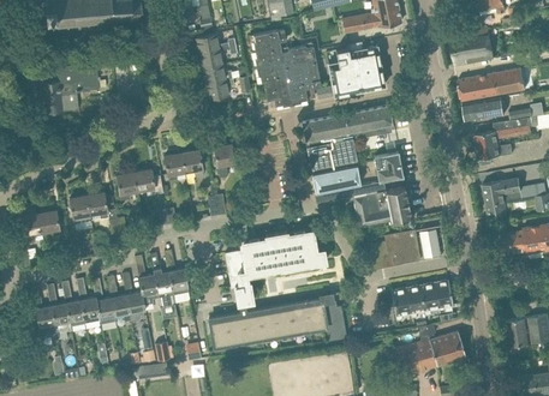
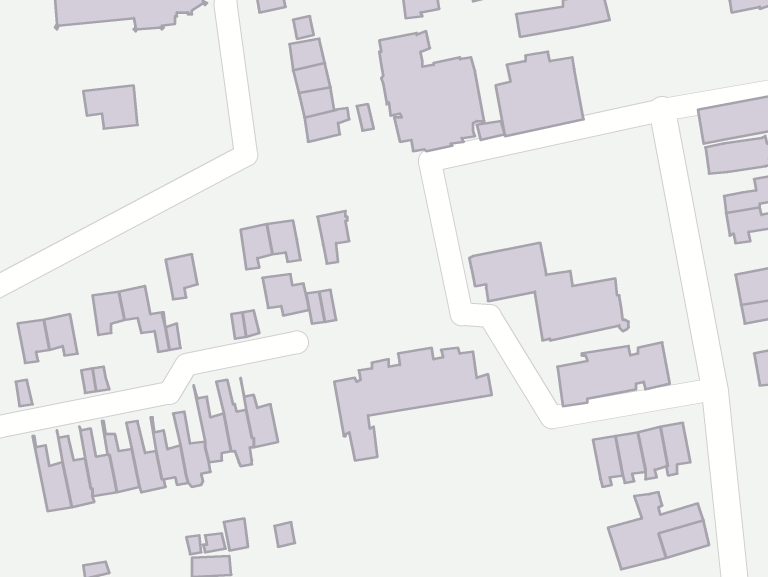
building: [449,29,494,66] -> none
building: [36,67,78,114] -> none
building: [302,106,392,173] -> none
building: [374,151,402,180] -> none
building: [133,169,163,196] -> [262,274,309,315]
building: [209,299,347,347] -> none

